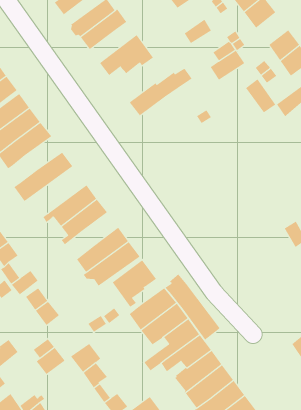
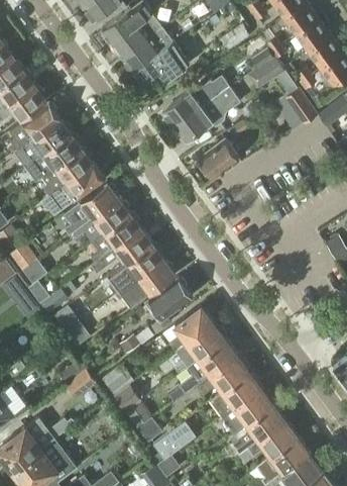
building: none -> [296,17,330,52]
building: none -> [121,27,169,71]
building: none -> [174,87,239,141]
building: none -> [198,138,238,177]
building: none -> [41,148,93,196]
building: none -> [53,182,118,240]
building: none -> [90,227,151,274]
building: [165,274,221,340] -> none

